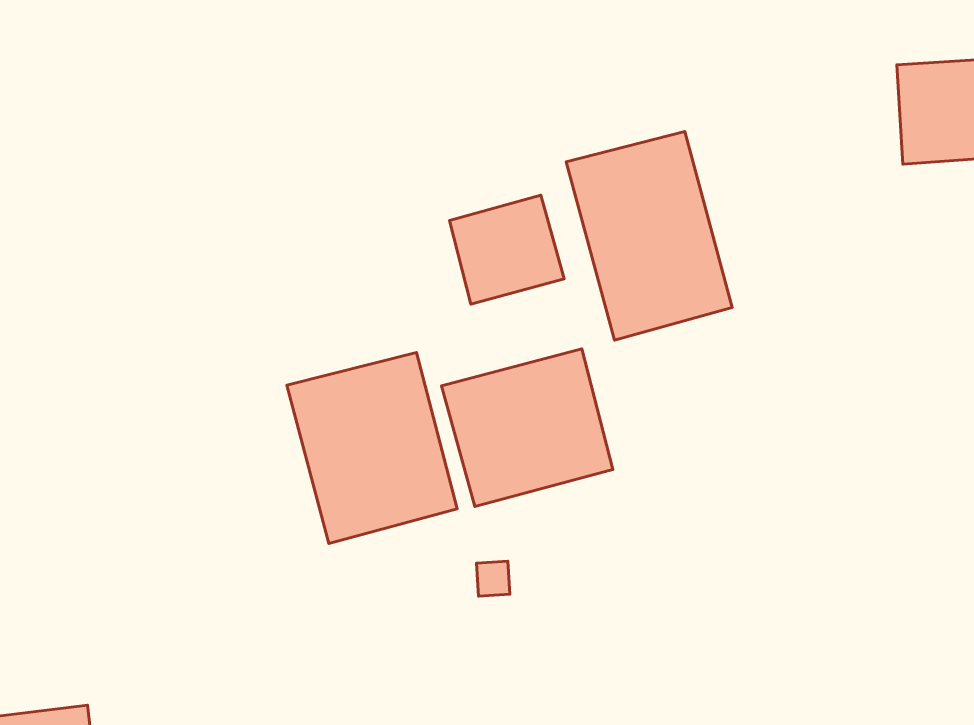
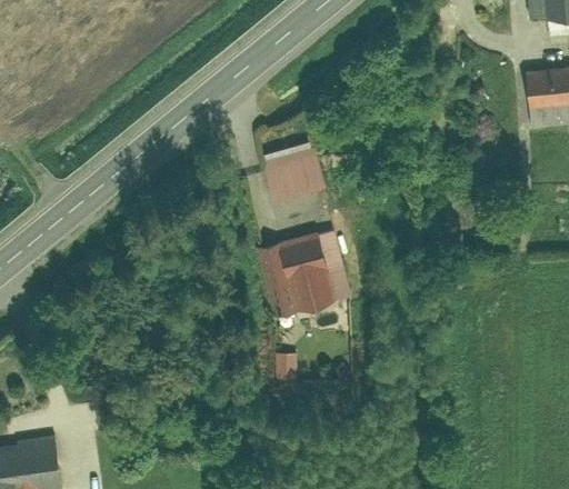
building: [566,131,732,340] -> none
building: [287,352,457,544] -> none

